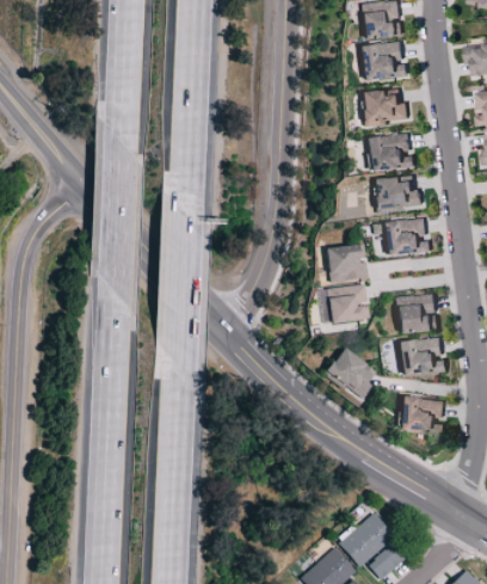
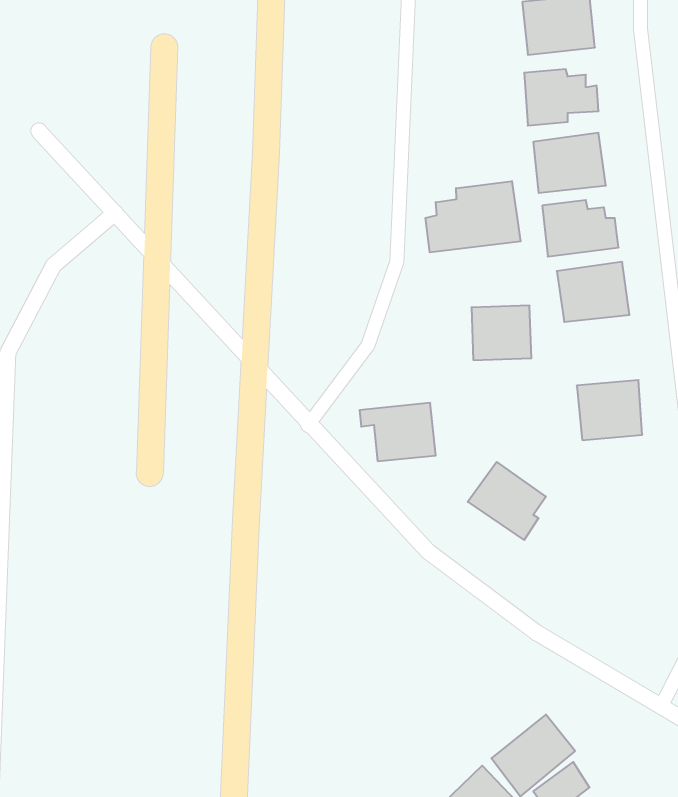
building: none -> [425,181,521,252]
building: [318,284,368,322] -> [359,403,436,461]
building: [397,336,446,375] -> none
building: [399,396,444,432] -> none

